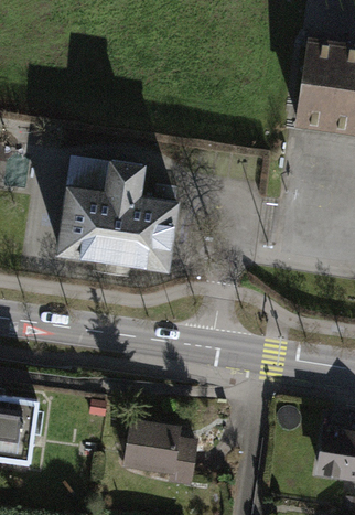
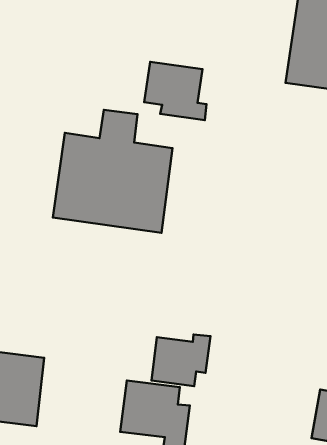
building: none -> [144,62,206,120]
building: none -> [151,335,210,386]

